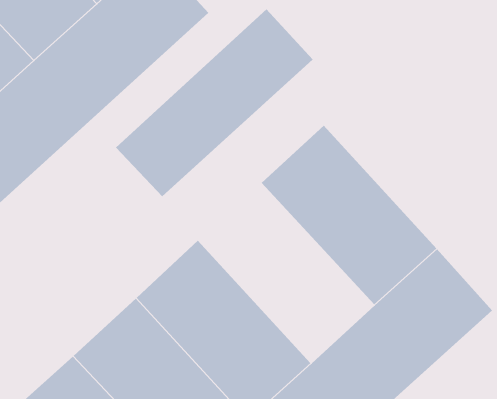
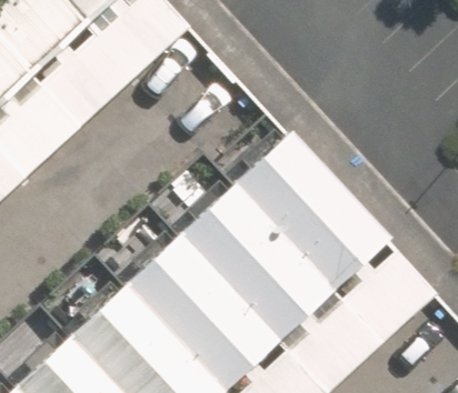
building: [115,8,313,197] -> none
building: none -> [178,183,333,342]

